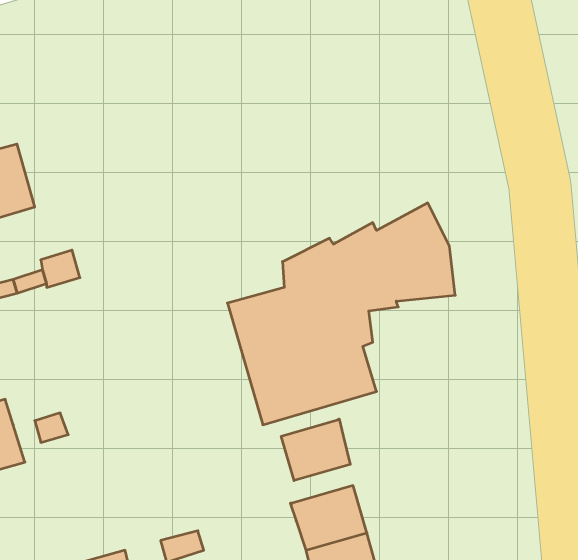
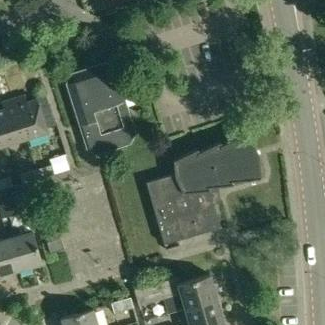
building: none -> [66,63,135,155]
building: [281,419,350,481] -> none

